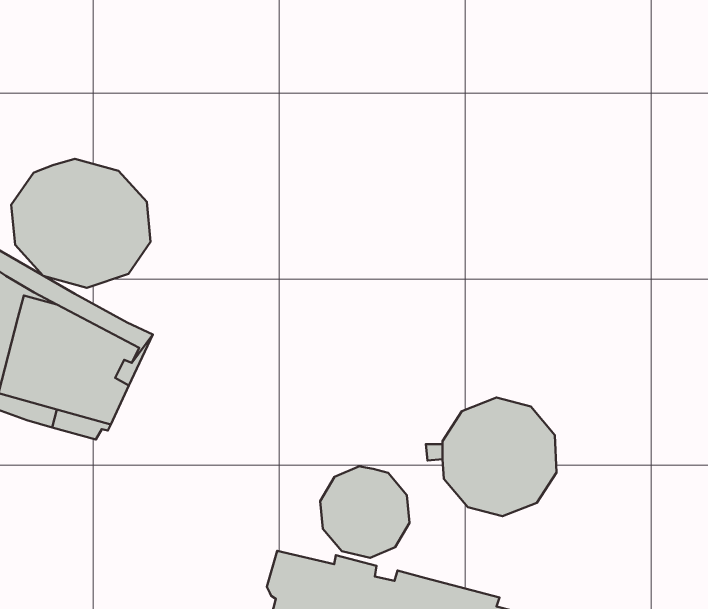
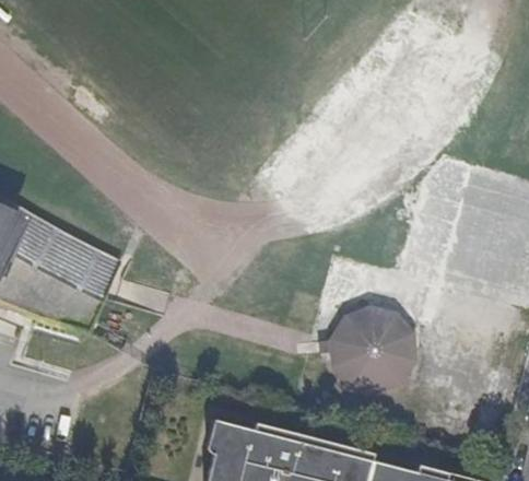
building: [11,159,150,288] -> none
building: [320,466,410,558] -> none

